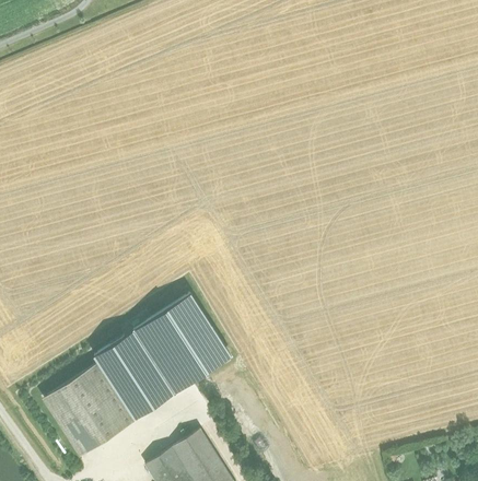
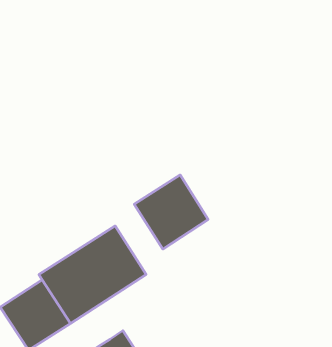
building: none -> [134,175,208,249]

